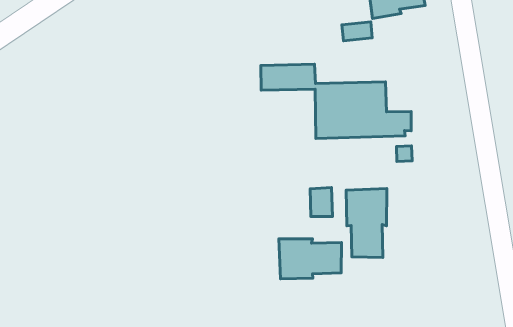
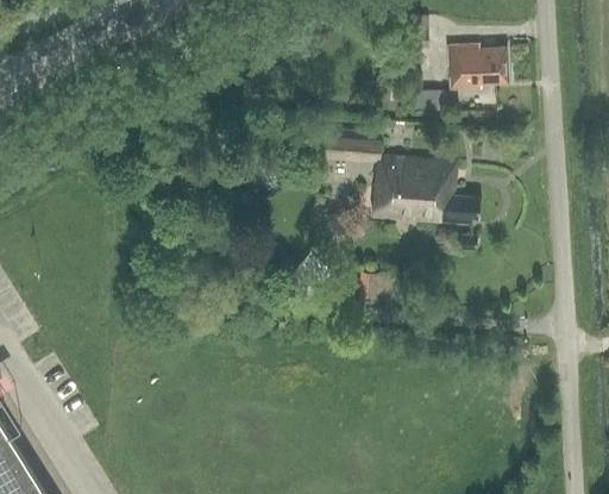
building: [346,189,387,258] -> none
building: [279,239,341,279] -> none

